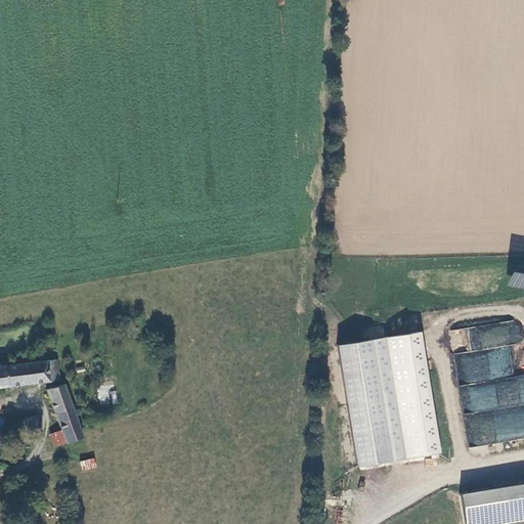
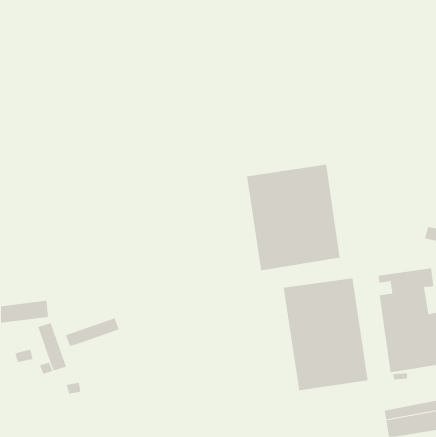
building: none -> [247,164,340,271]
building: none -> [65,318,119,347]

